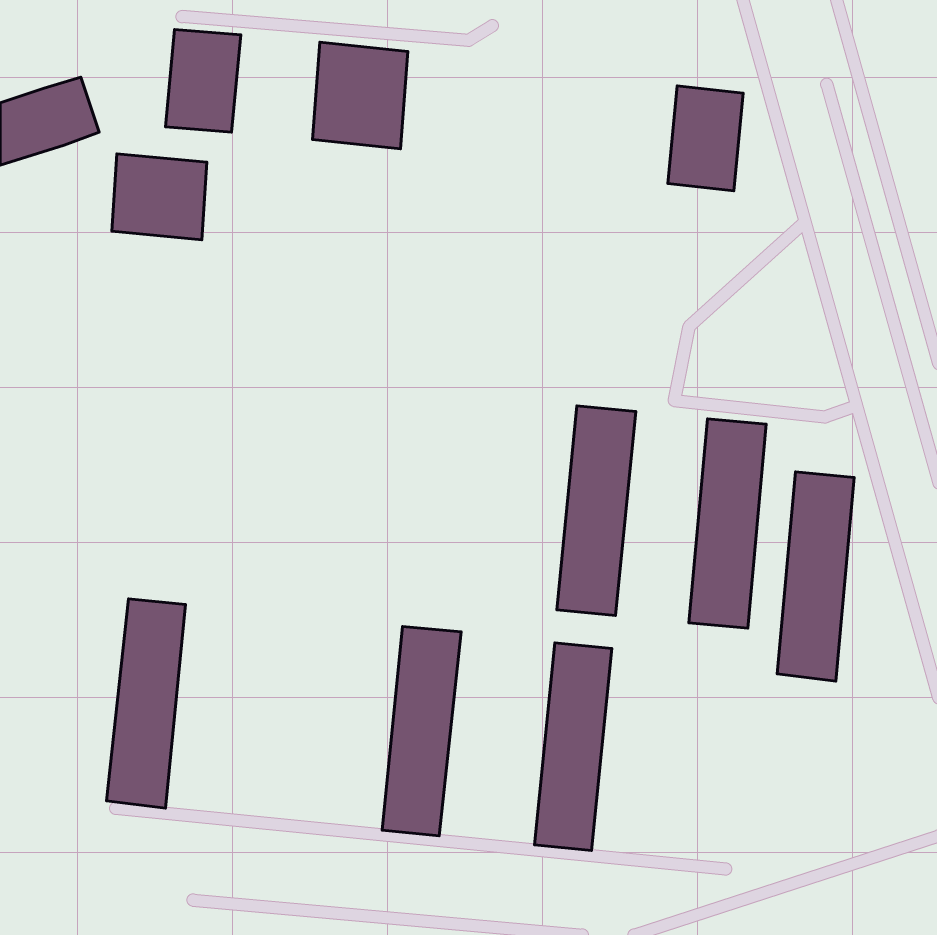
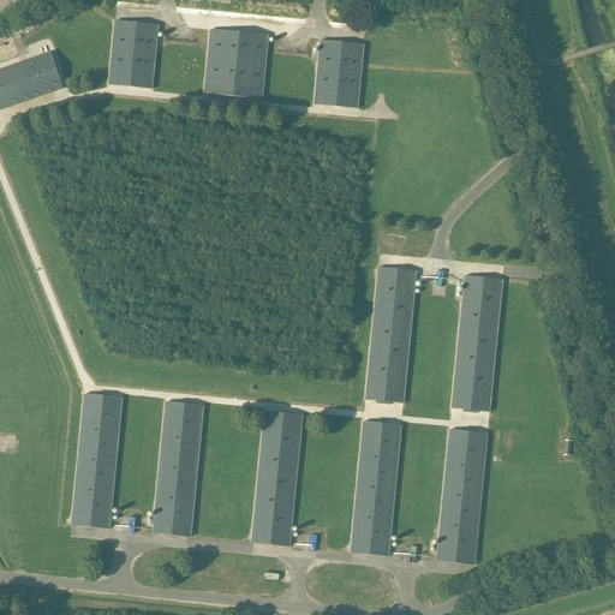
building: [668,86,743,191] -> [315,38,364,107]
building: [112,154,207,240] -> none
building: [777,472,854,681] -> [437,429,488,566]
building: none -> [153,400,204,536]

